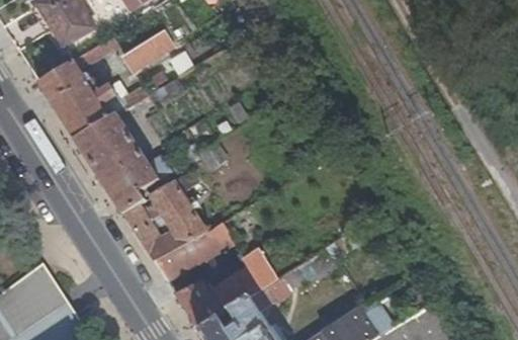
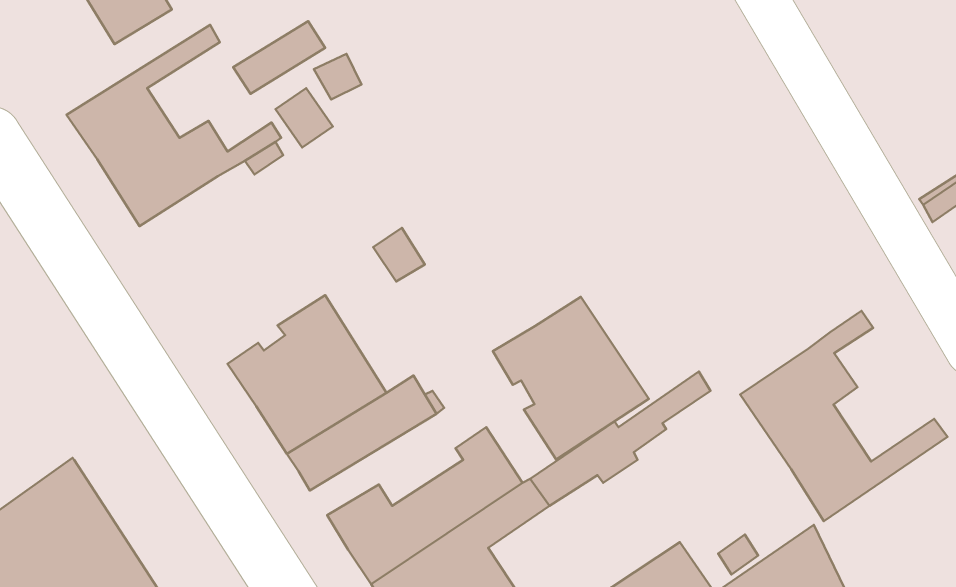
building: [75,114,169,214] -> none
building: none -> [493,297,649,460]
building: none -> [740,311,948,521]

